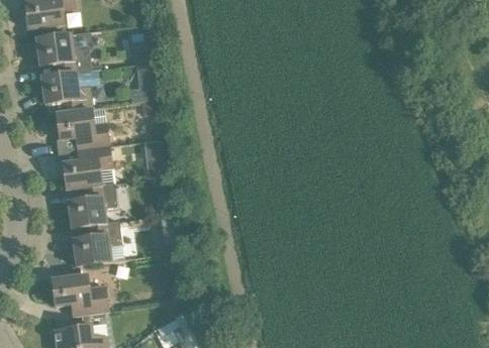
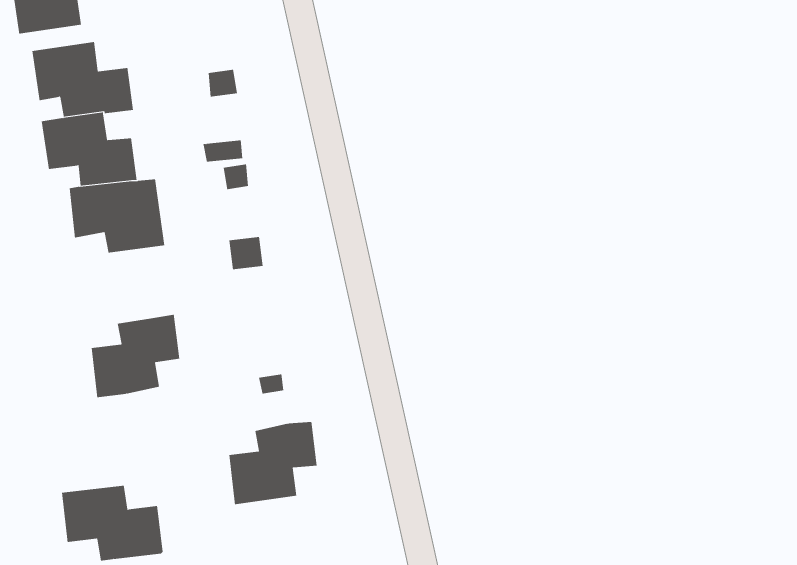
building: [63,146,111,191] -> none
building: [73,222,121,267] -> [228,421,318,505]

